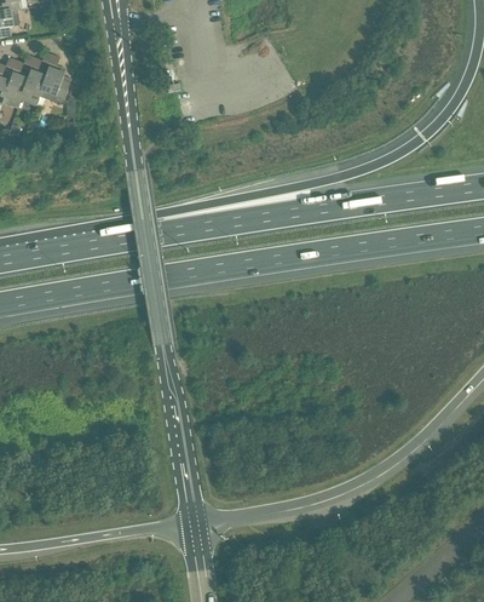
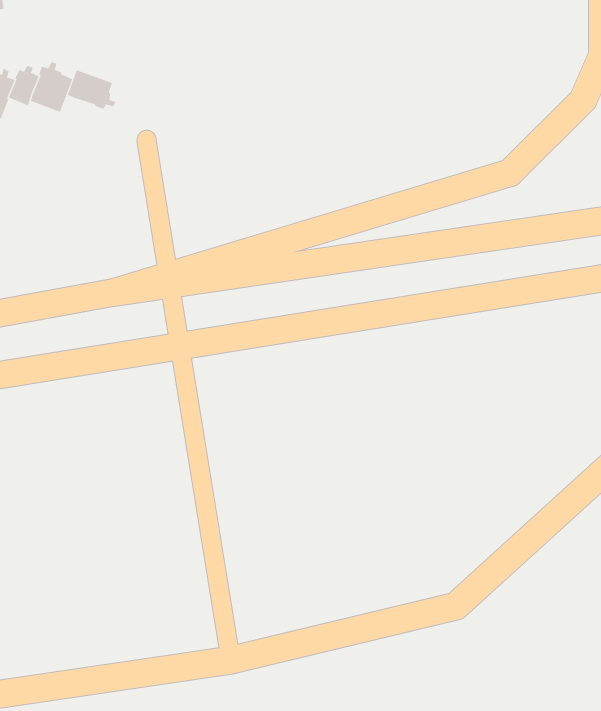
building: none -> [67,70,116,110]

